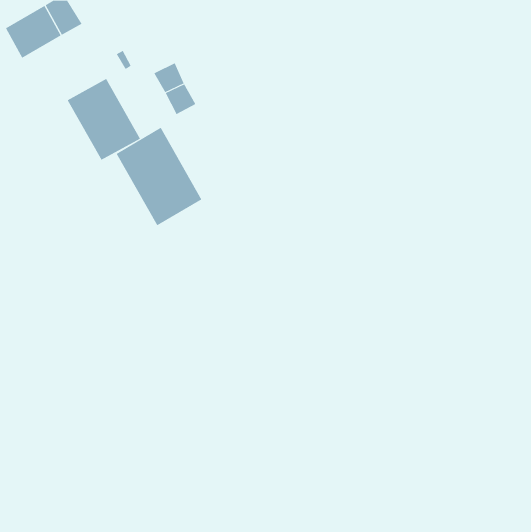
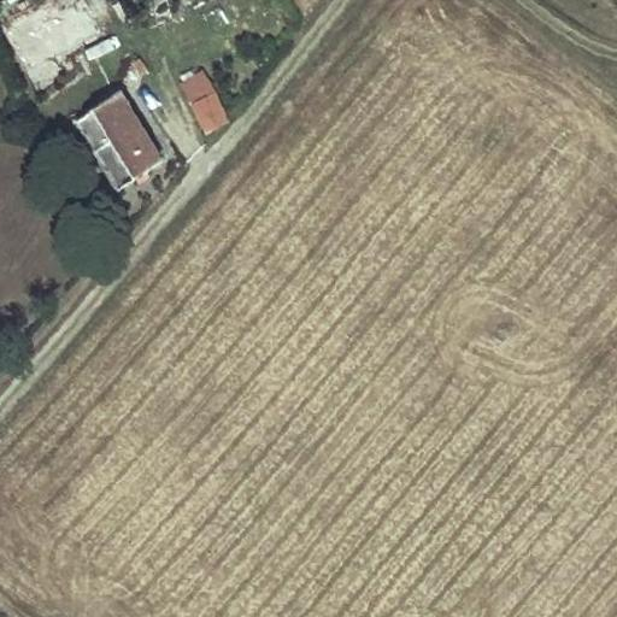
building: [116,127,202,226] -> none

